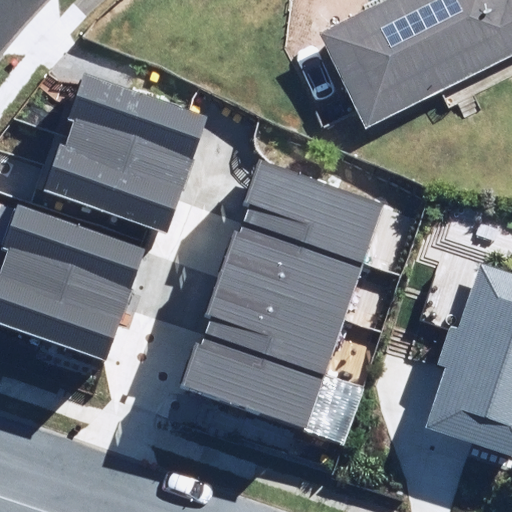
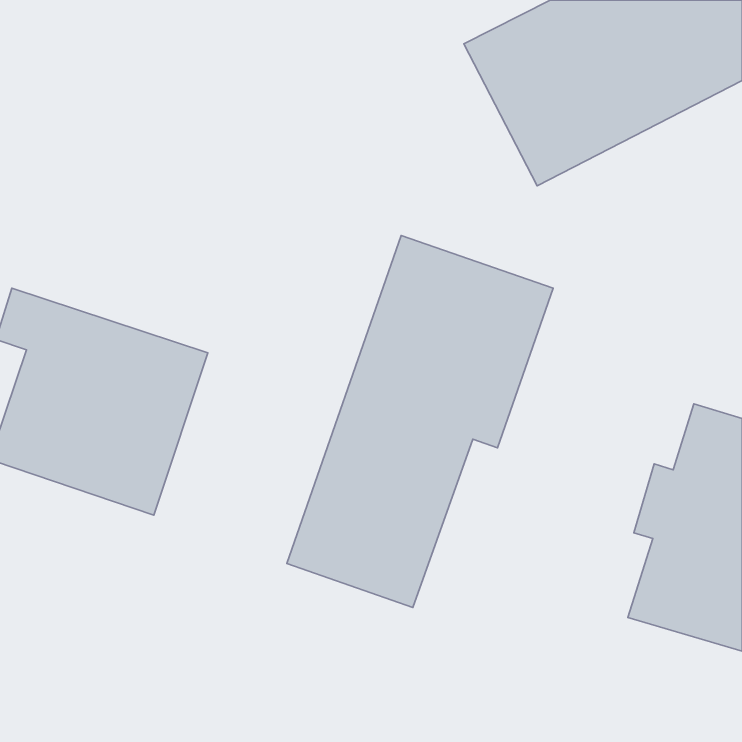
building: [53,80,182,224] -> none

